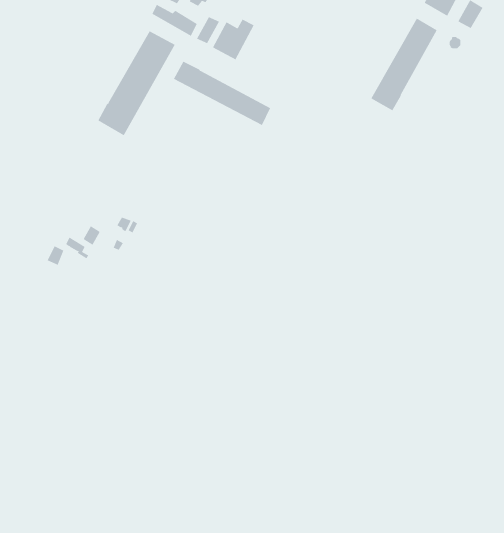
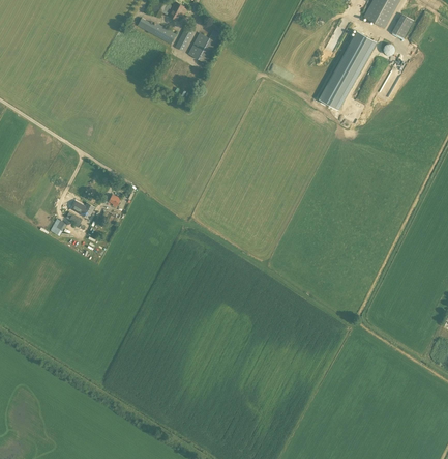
building: [97,30,175,136] -> none
building: [173,61,271,126] -> none

